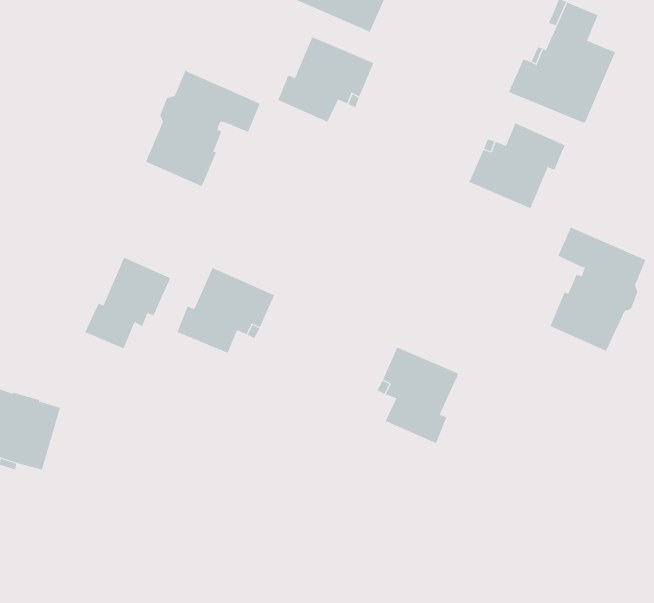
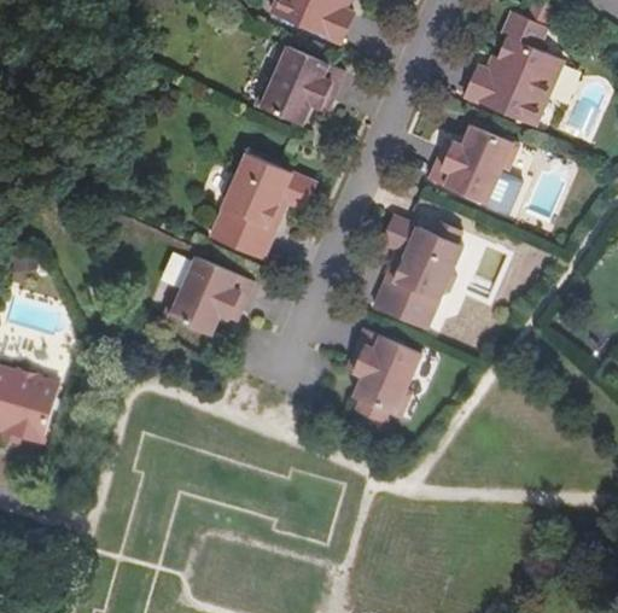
building: [145,70,260,187] -> [210,152,315,258]
building: [549,227,646,351] -> [373,216,461,329]
building: [85,257,171,349] -> none

